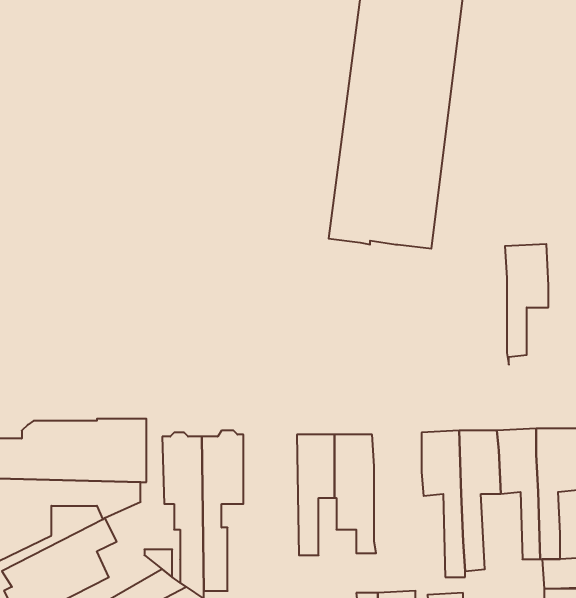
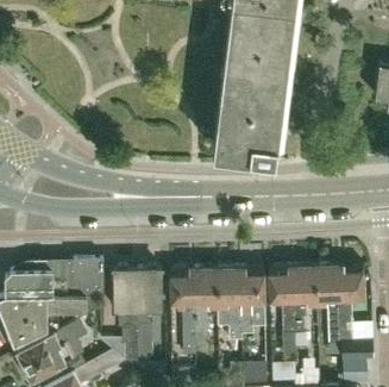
building: [505,244,548,365] -> [240,268,266,341]
building: none -> [171,269,196,356]

